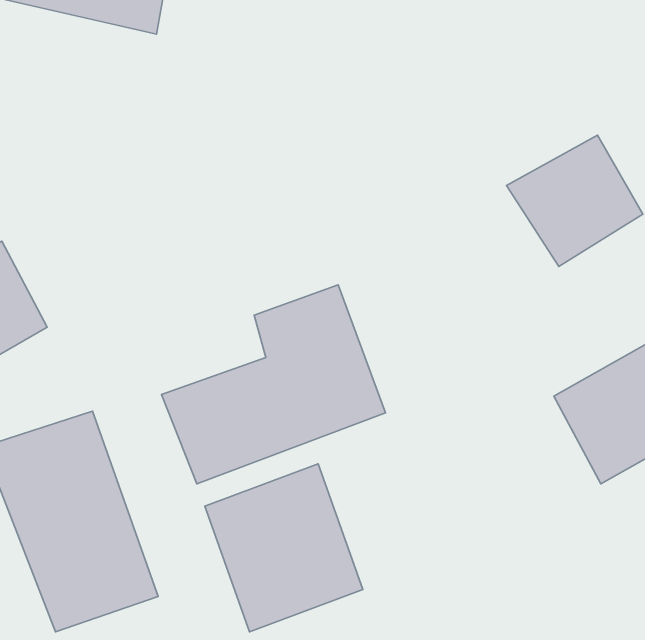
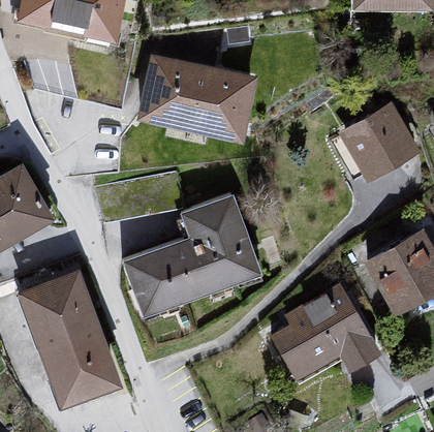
building: none -> [137,51,257,143]
building: none -> [272,286,381,381]
building: [205,464,363,632] -> none

